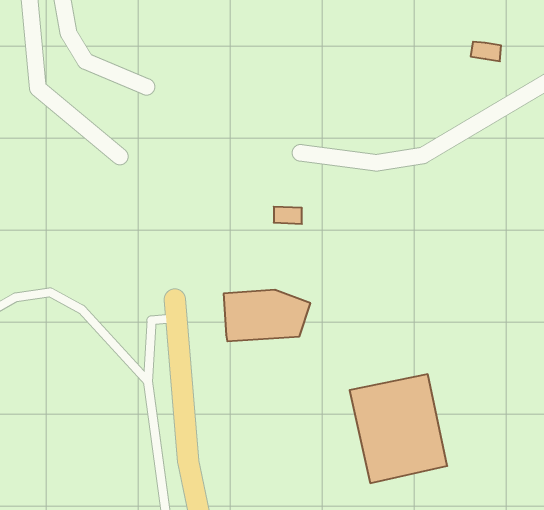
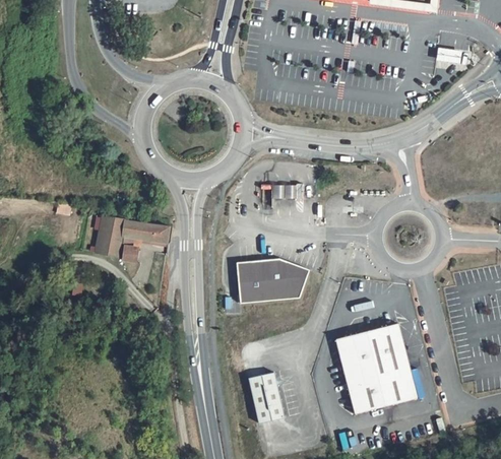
building: none -> [95,213,169,261]
building: none -> [247,375,286,428]

